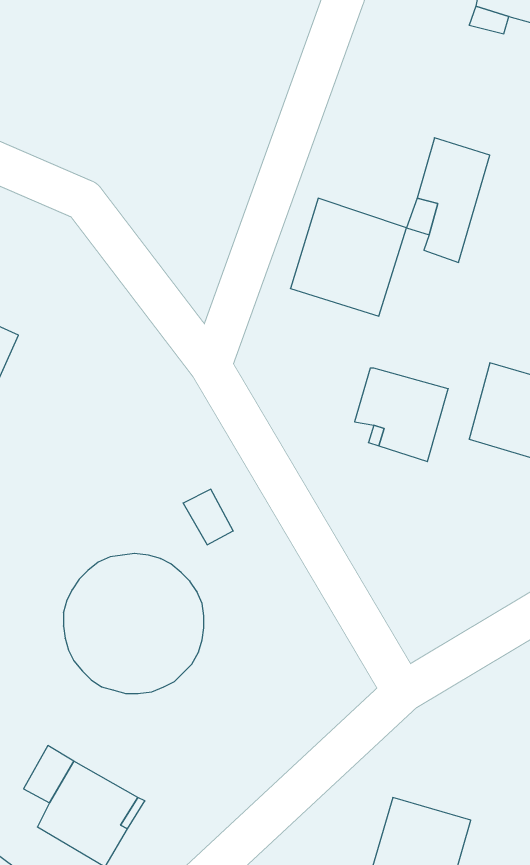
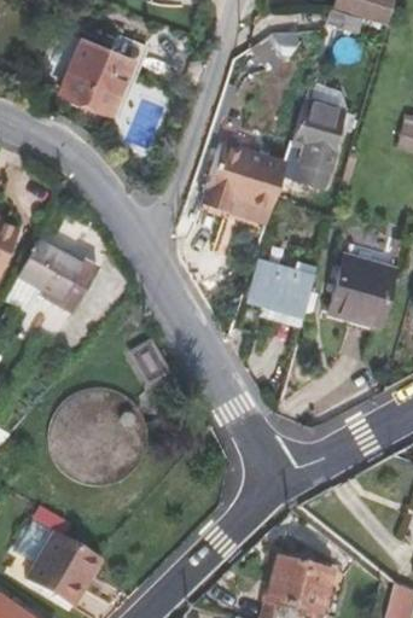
building: none -> [47,19,139,110]
building: none -> [18,241,95,311]

